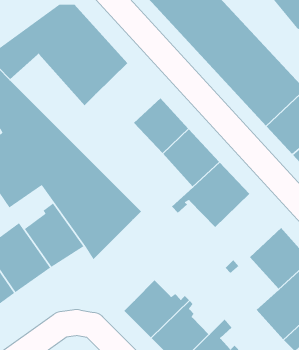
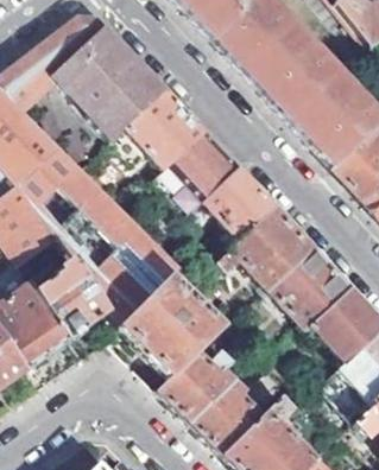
building: none -> [126,88,204,167]
building: none -> [271,247,352,328]
building: none -> [122,279,221,376]

